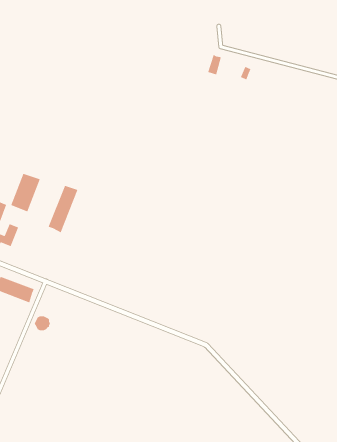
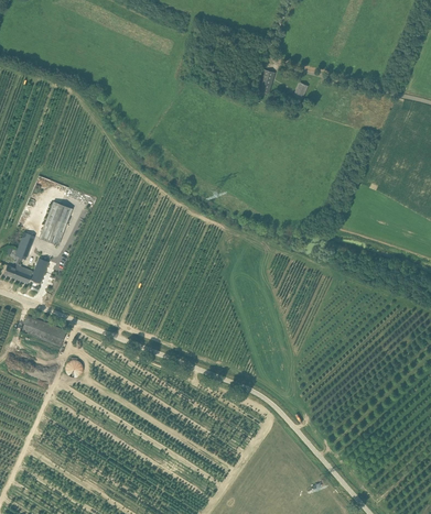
building: [48,185,78,233] -> none

